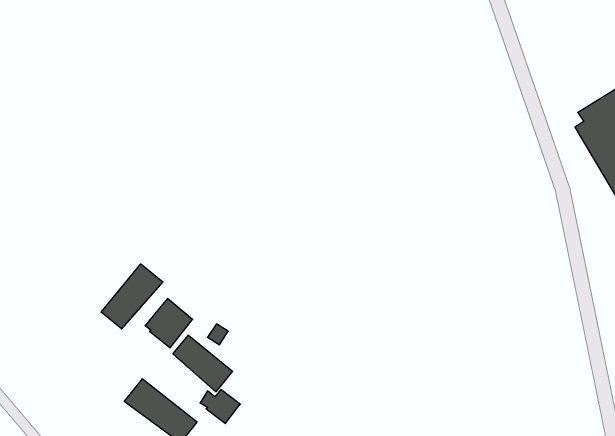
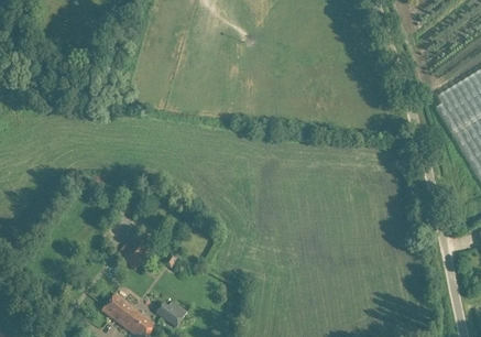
building: [101,264,163,329] -> none
building: [173,335,232,392] -> none

